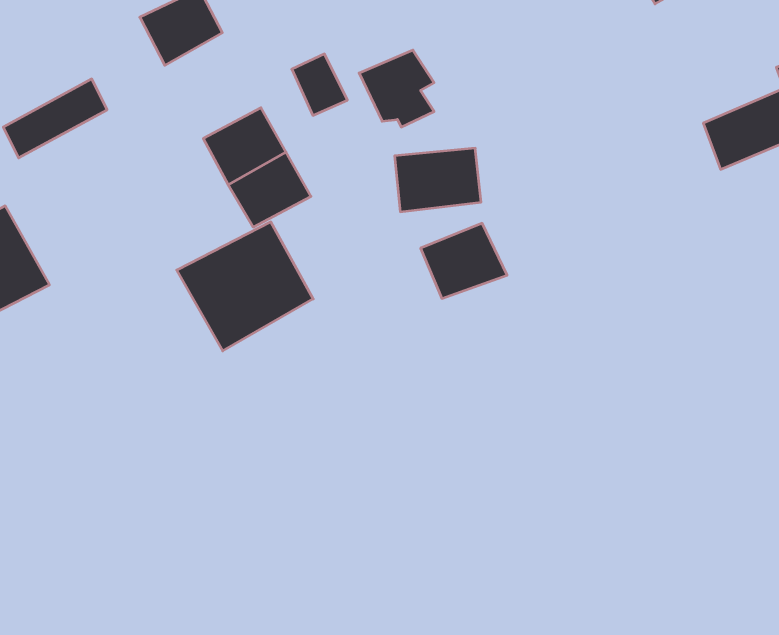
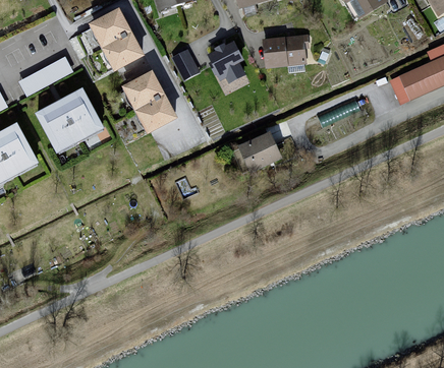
building: none -> [102,32,146,73]
building: [395,148,481,212] -> [261,35,307,68]
building: [177,222,313,351] -> [34,88,106,157]

